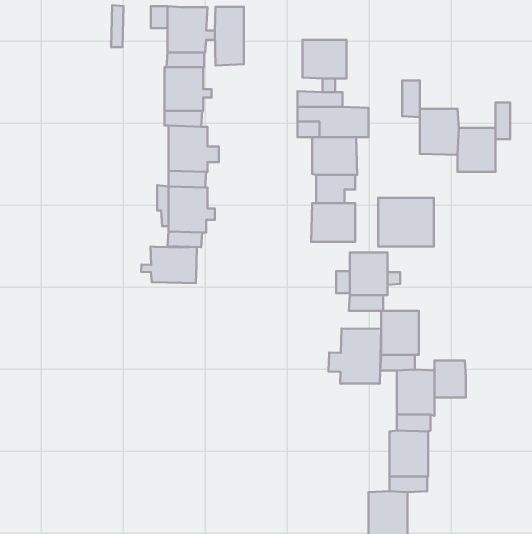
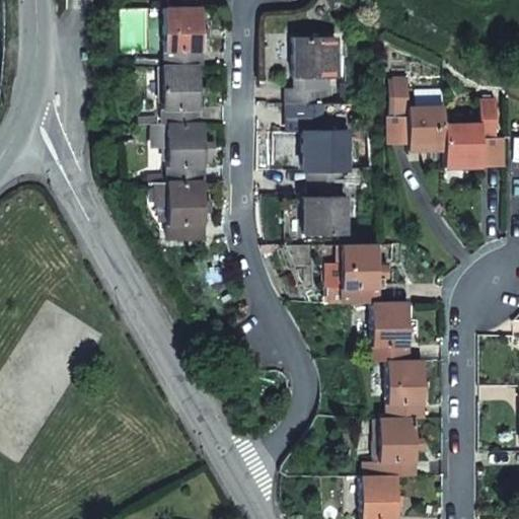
building: [215,7,244,66] -> none
building: [378,198,434,246] -> none
building: [141,247,197,283] -> none
building: [329,329,381,383] -> none
building: [435,360,466,397] -> none

